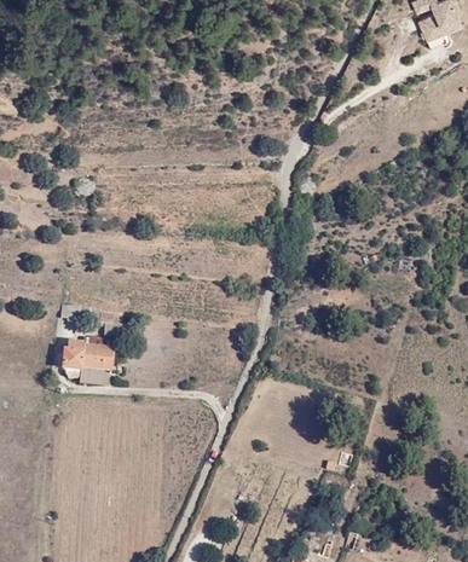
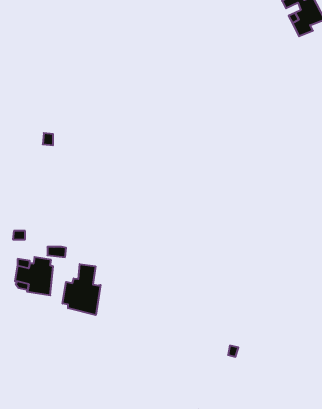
building: none -> [63,264,101,315]

